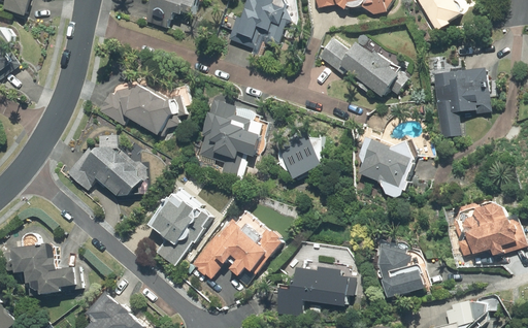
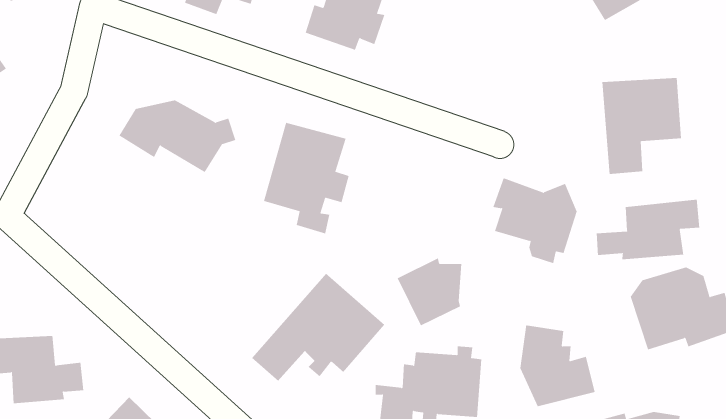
building: [319,37,409,97] -> none
building: [276,130,322,177] -> [397,257,462,326]
building: [66,136,147,197] -> none
building: none -> [596,199,700,260]
building: [147,188,213,266] -> none

